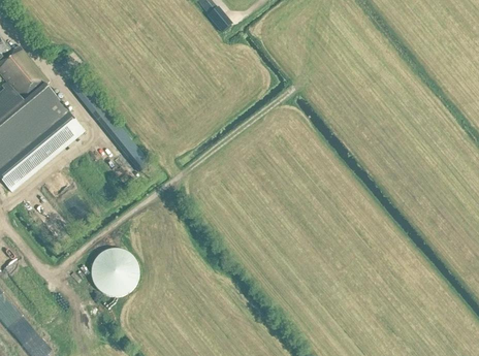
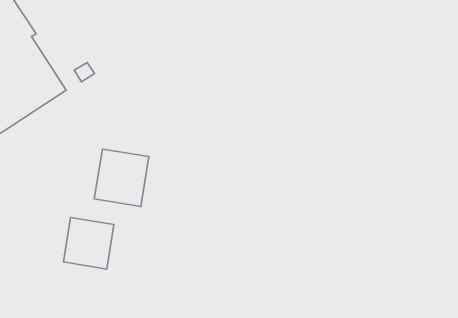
building: none -> [94,149,149,206]

